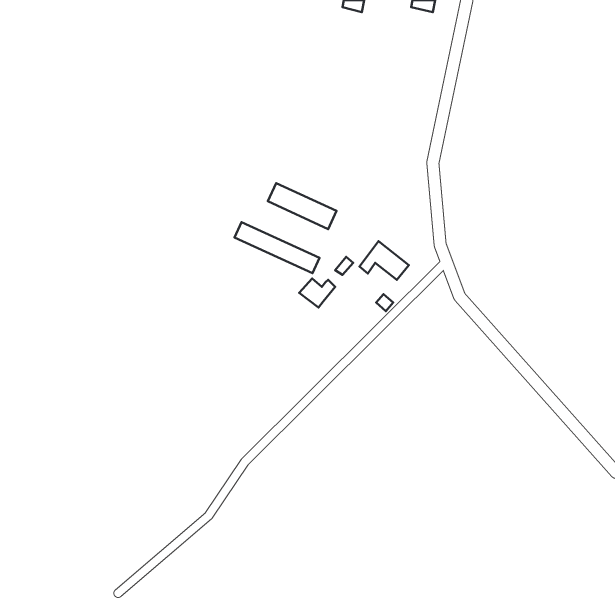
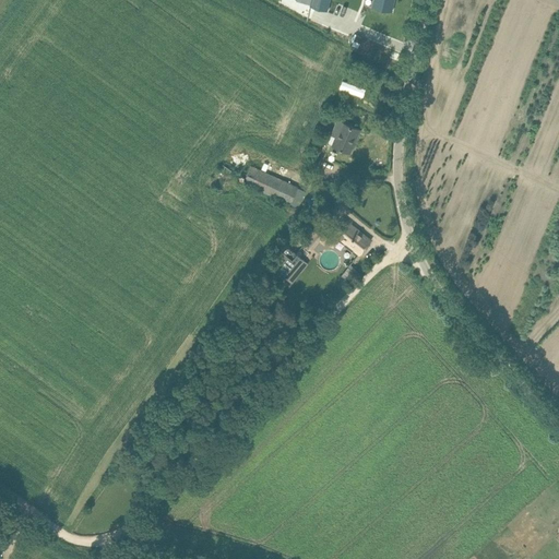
building: none -> [334,122,360,153]
building: [235,222,320,273] -> none

